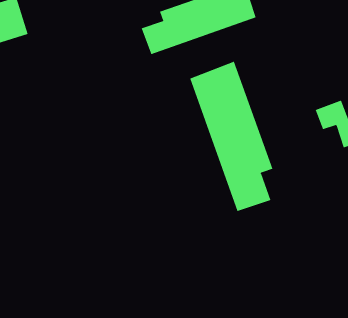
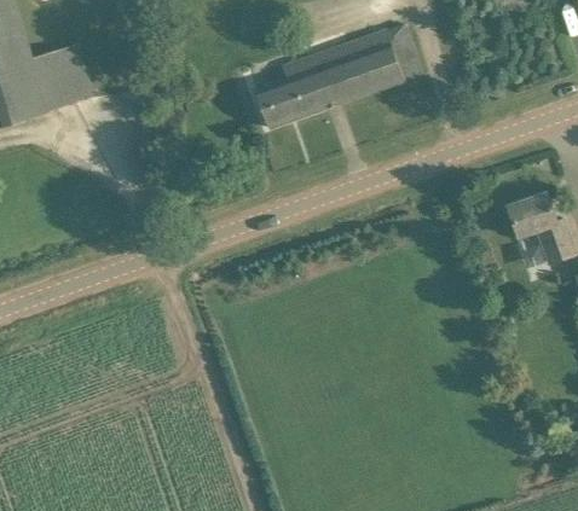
building: [190,61,273,212] -> none

